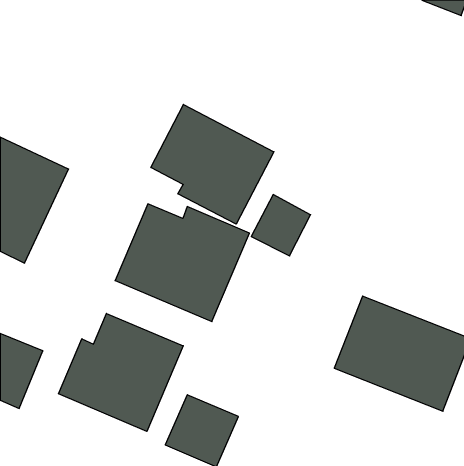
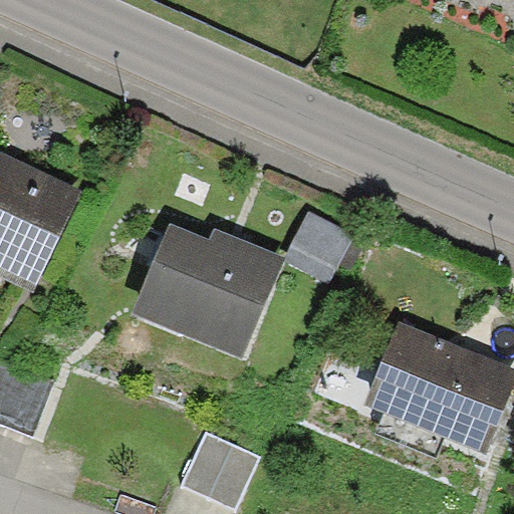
building: [151,104,274,224] -> none
building: [59,313,183,431] -> none

